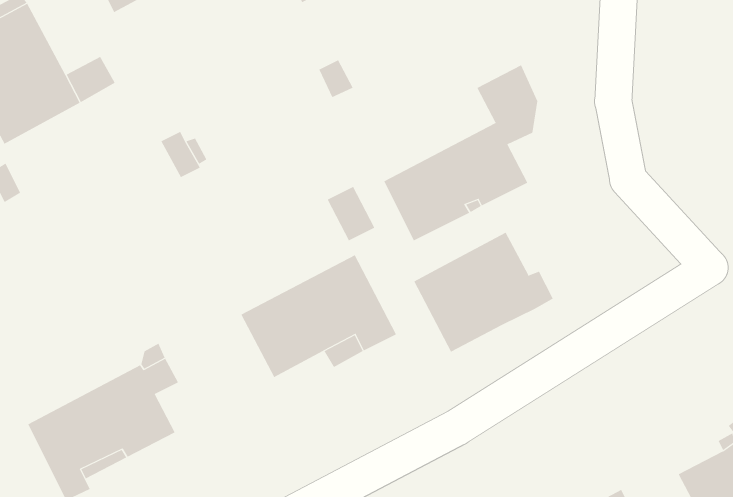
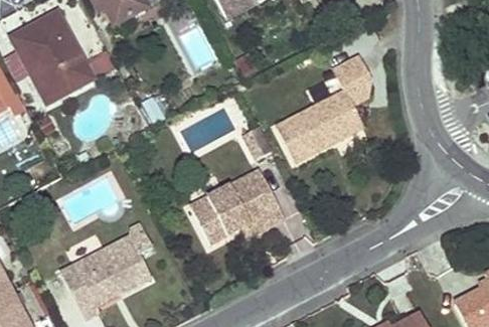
building: [414,232,553,352] -> none

